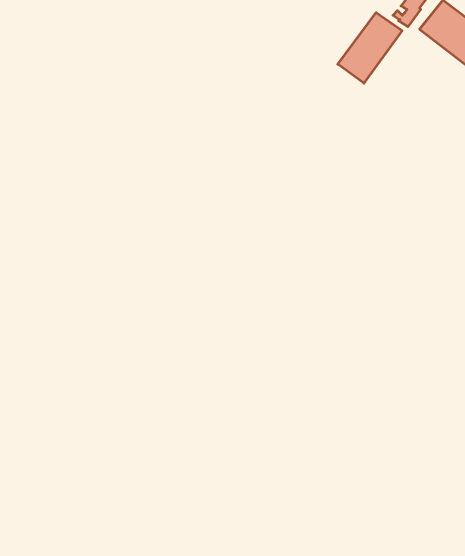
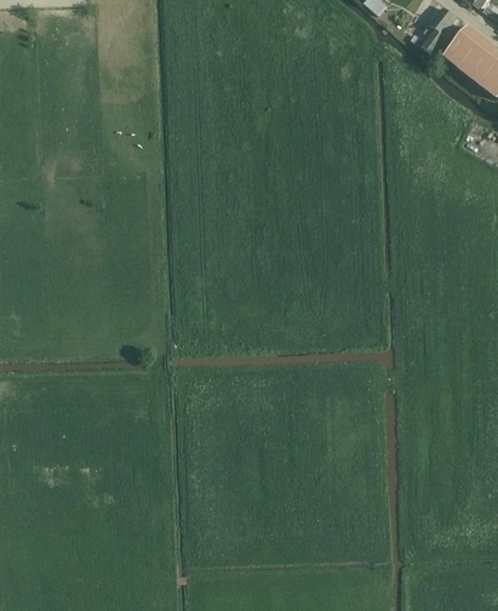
building: [338,13,402,83] -> none

